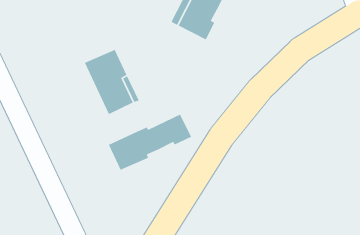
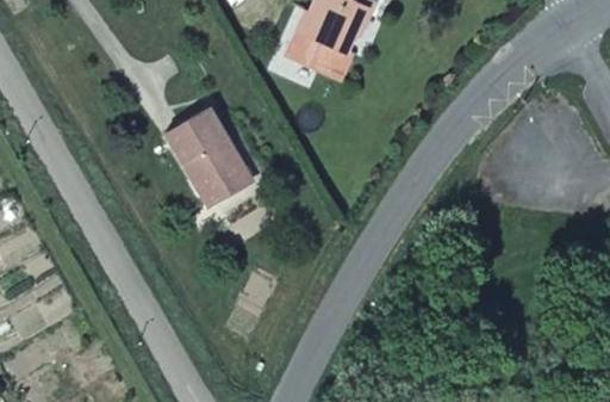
building: [108,113,192,171] -> none

